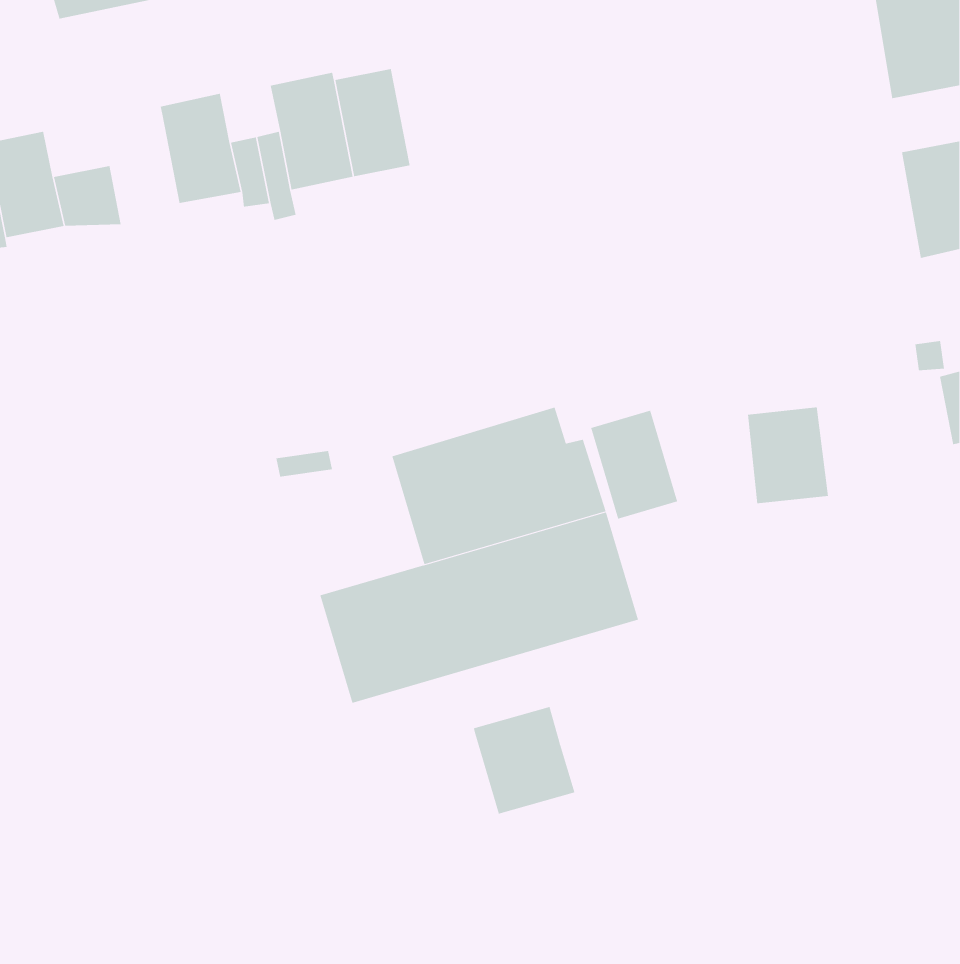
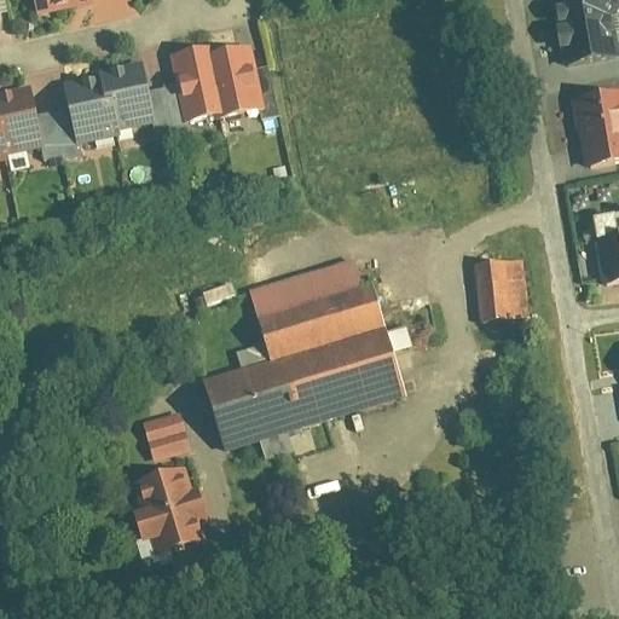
building: none -> [64,73,115,143]
building: [590,410,678,520] -> none
building: none -> [144,410,191,461]
building: [473,706,575,815] -> none
building: none -> [131,465,207,553]

